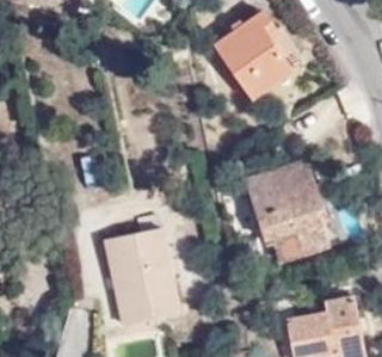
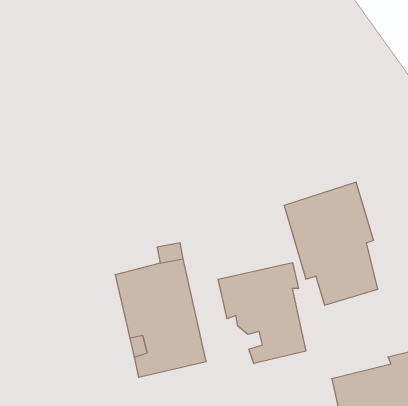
building: [216,14,303,100] -> none
building: none -> [218,263,306,364]

